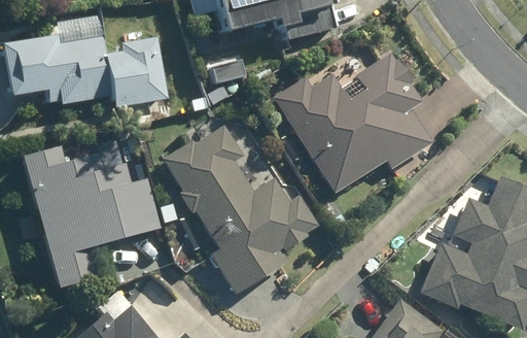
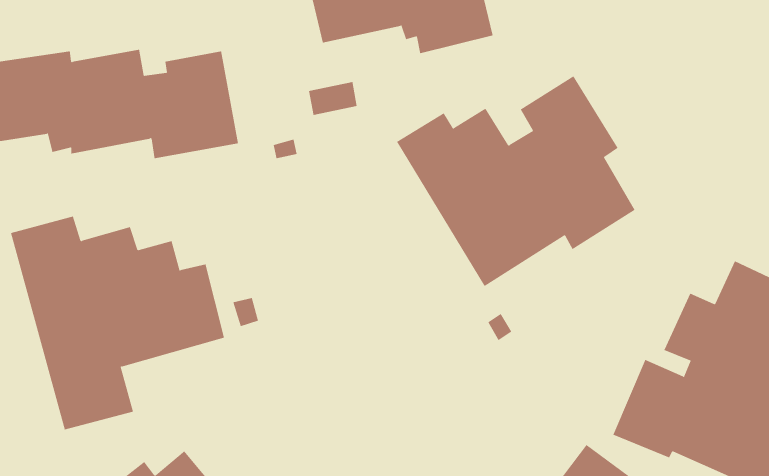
building: [164,125,319,295] -> none

